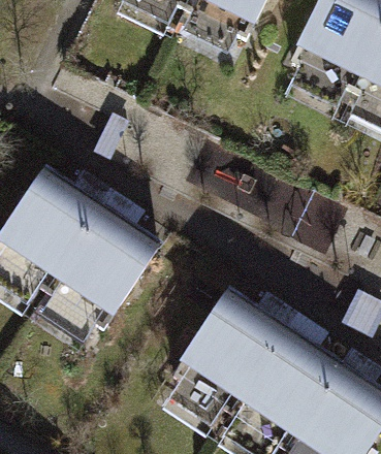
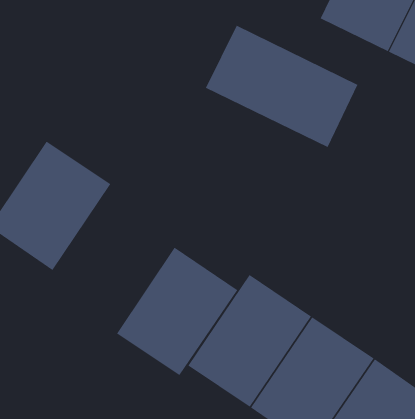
building: none -> [205,25,358,148]
building: [53,200,163,317] -> [116,247,238,376]

